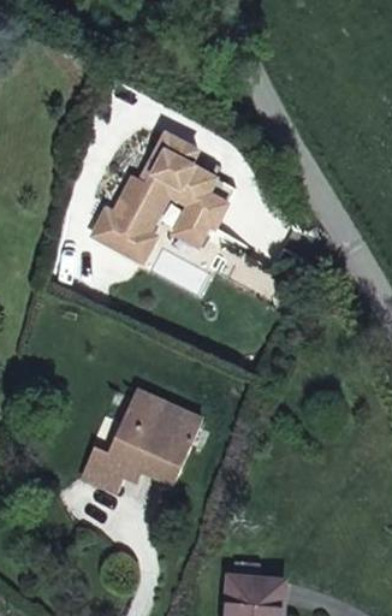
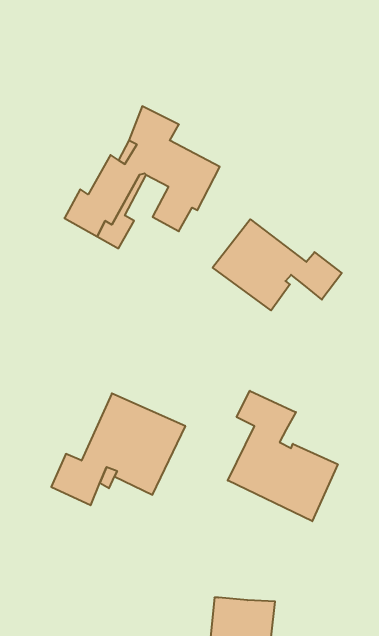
building: none -> [213,219,342,310]
building: none -> [228,391,338,521]

